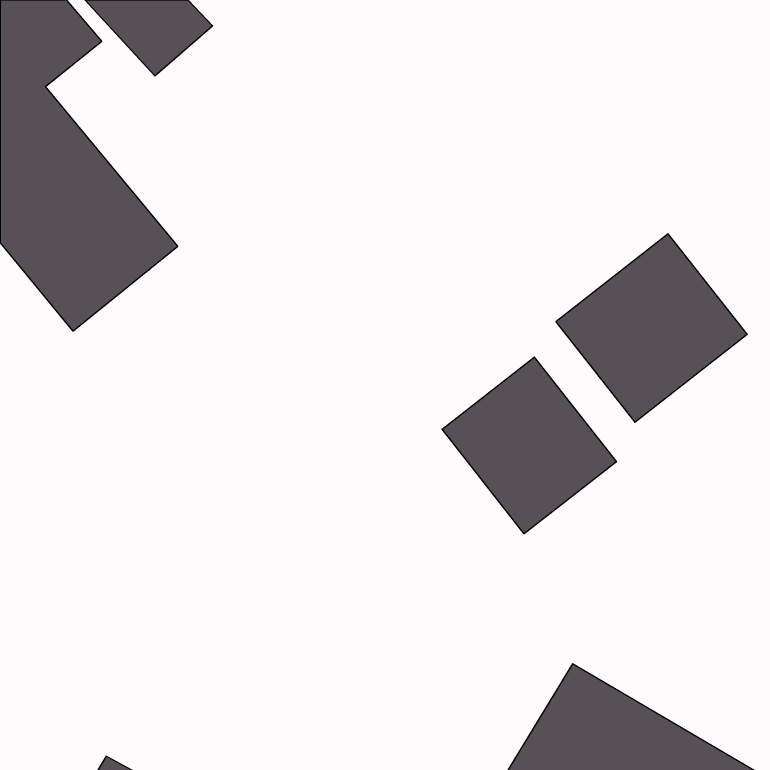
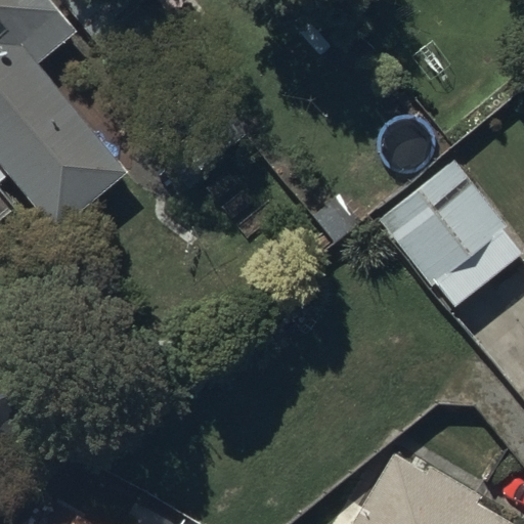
building: [442,357,616,534] -> none

